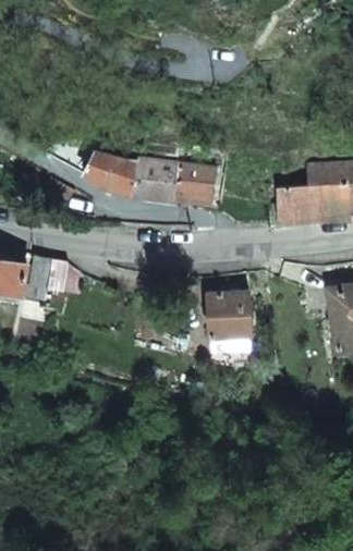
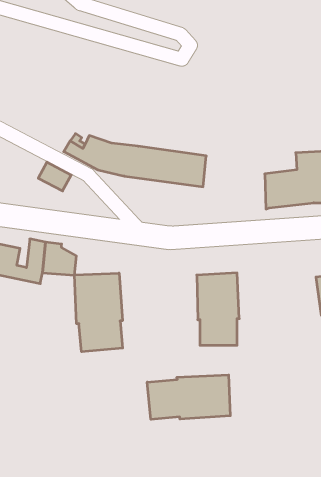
building: none -> [74,273,123,352]
building: none -> [147,375,230,419]

